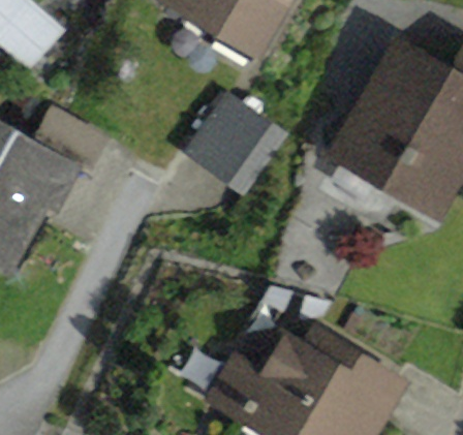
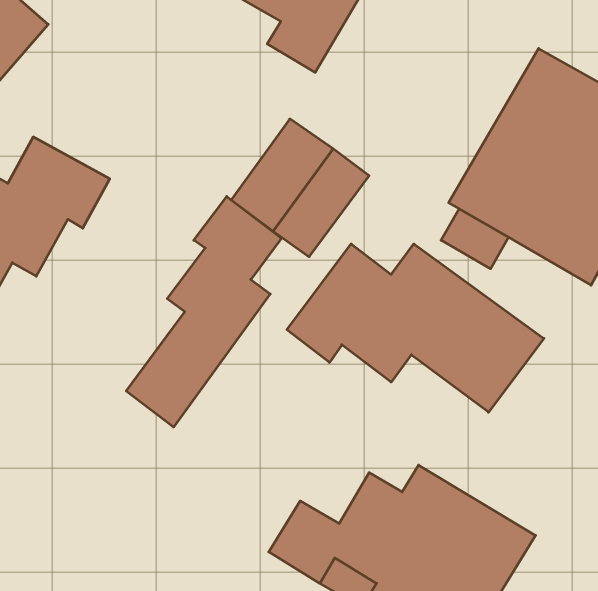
building: none -> [126,196,282,427]
building: none -> [287,244,544,412]

